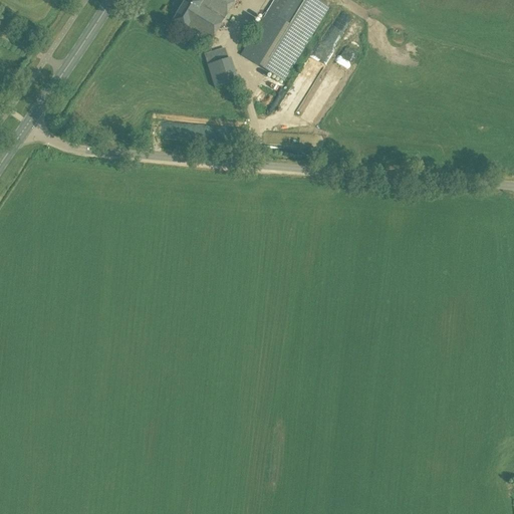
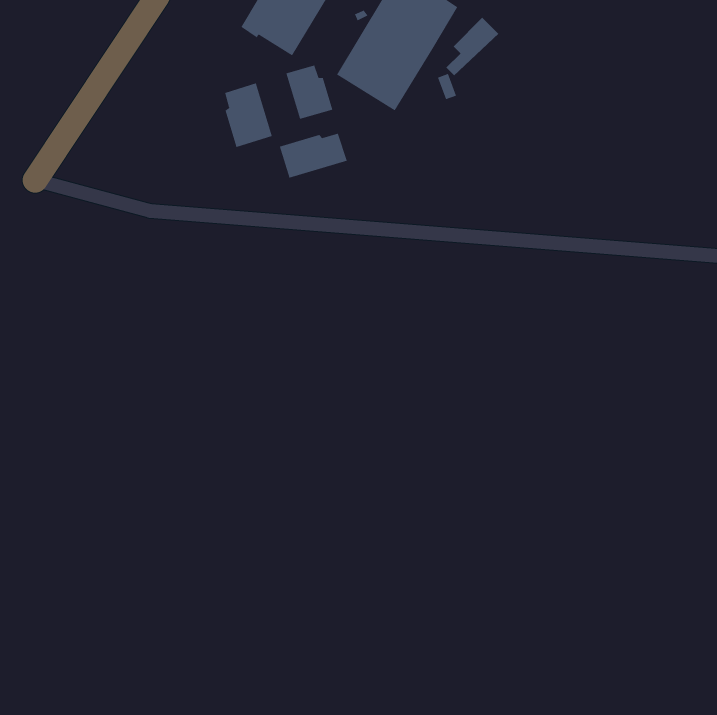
building: none -> [224,82,272,148]
building: none -> [279,133,347,179]

